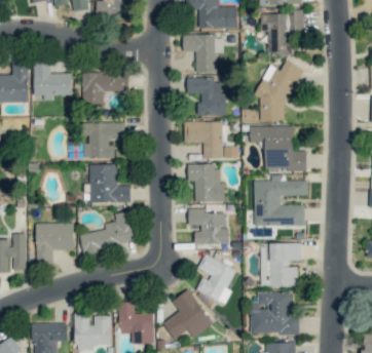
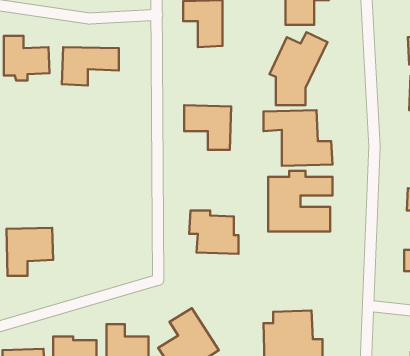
building: [187,79,226,116] -> none
building: [82,122,125,159] -> none
building: [89,164,131,203] -> none
building: [187,165,225,202] -> none
building: [80,211,135,253] -> none
building: [260,242,302,287] -> none
building: [196,254,236,305] -> none

